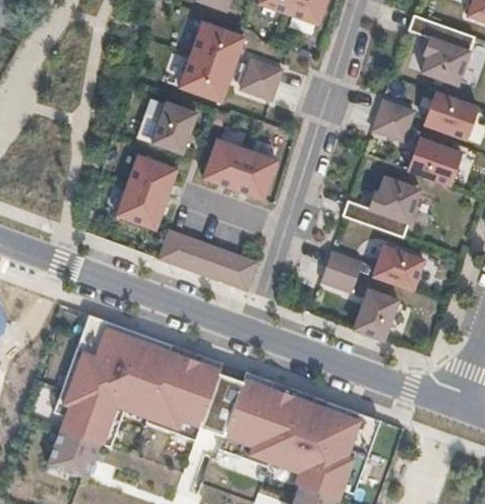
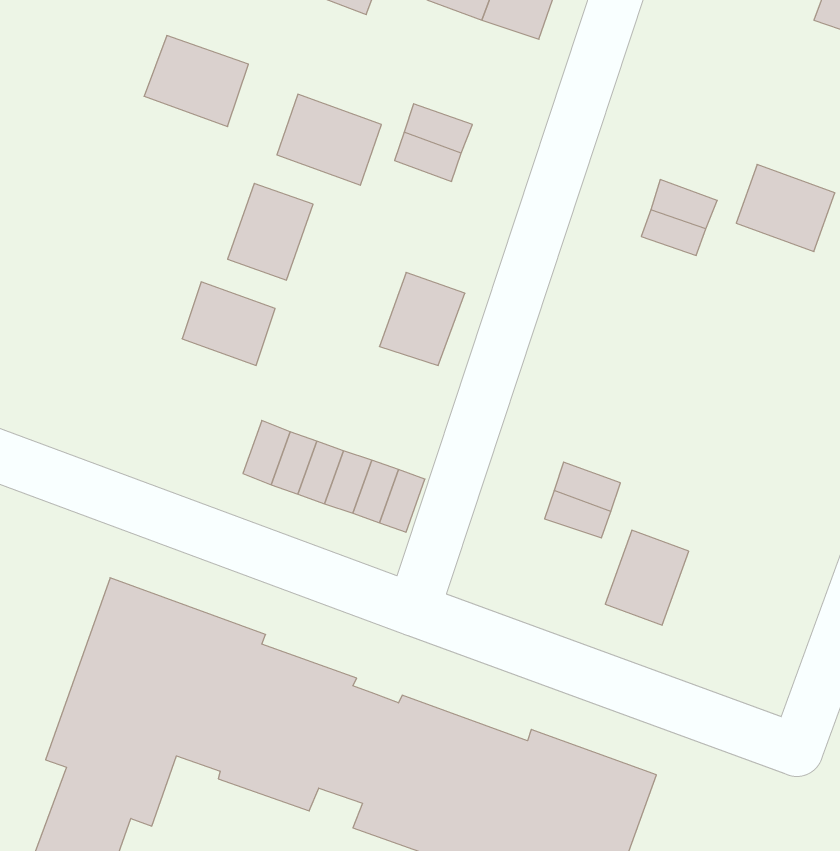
building: [409,15,474,83] -> none
building: [189,21,245,70] -> [144,36,248,127]
building: [408,137,462,185] -> none
building: [203,139,247,189] -> none
building: [343,176,421,237] -> none
building: [116,185,167,228] -> none
building: [372,245,424,290] -> none

